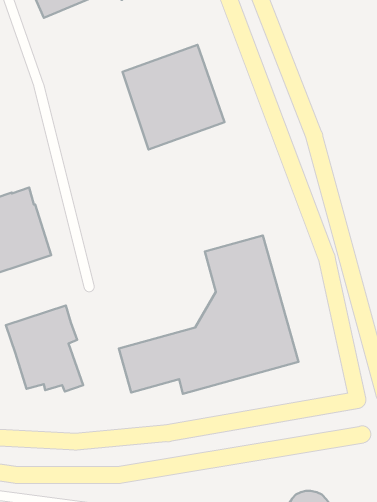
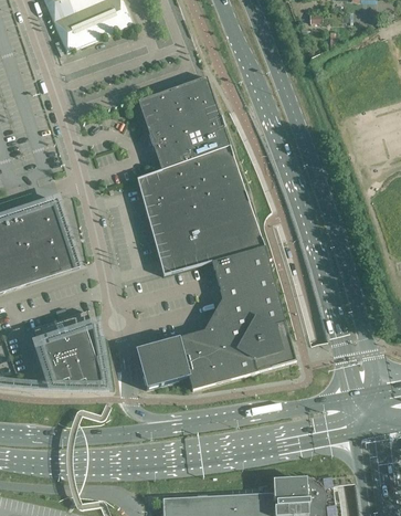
building: none -> [137,145,264,274]

